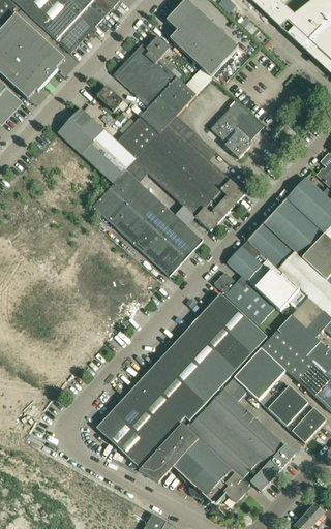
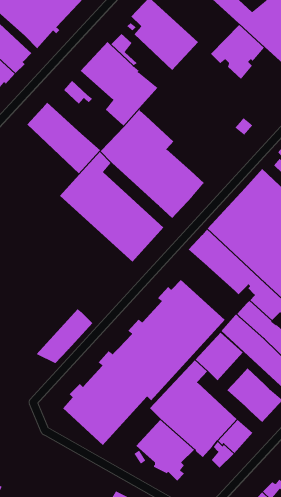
building: [207,100,264,158] -> [210,24,265,80]
building: [117,107,160,158] -> none
building: [214,271,275,323] -> none
building: [139,423,199,480] -> [36,308,93,364]
building: [220,470,246,502] -> none

